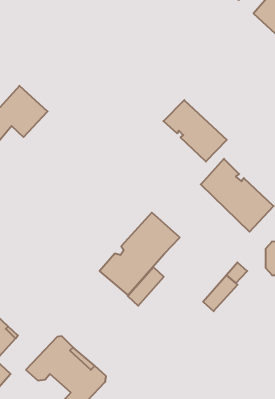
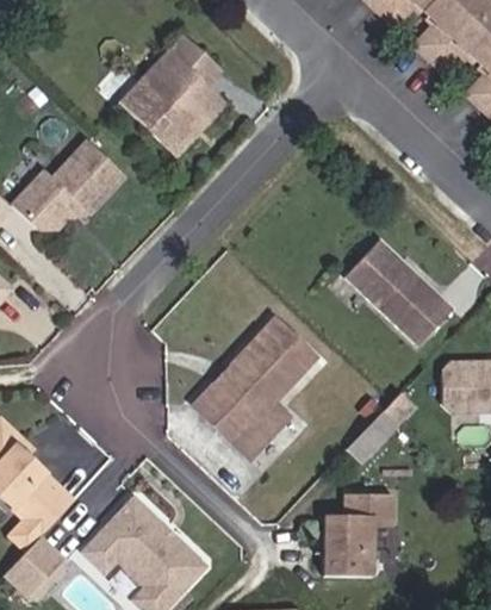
building: none -> [119,32,222,149]
building: [163,100,227,162] -> none
building: none -> [327,492,396,574]

